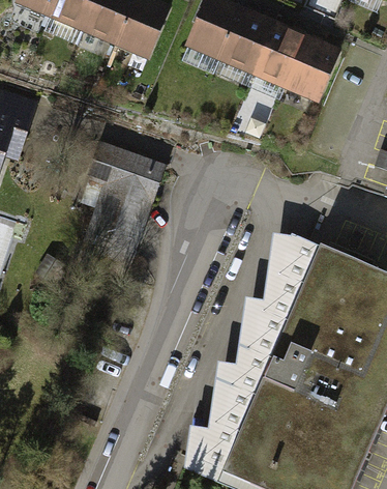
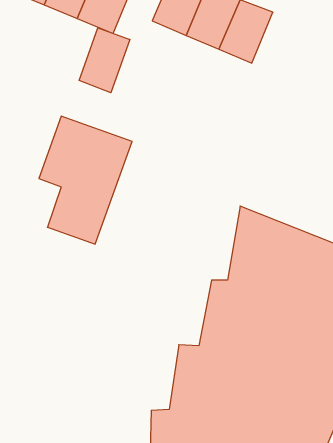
building: [286,37,340,102] -> none
building: none -> [79,28,130,93]

